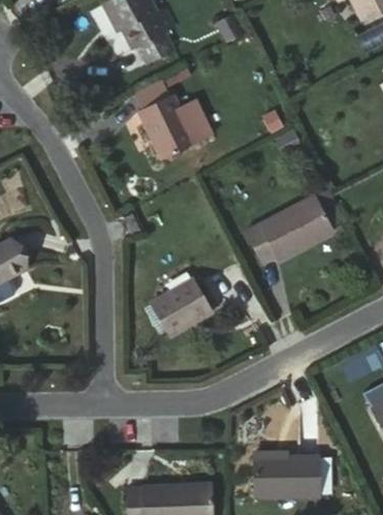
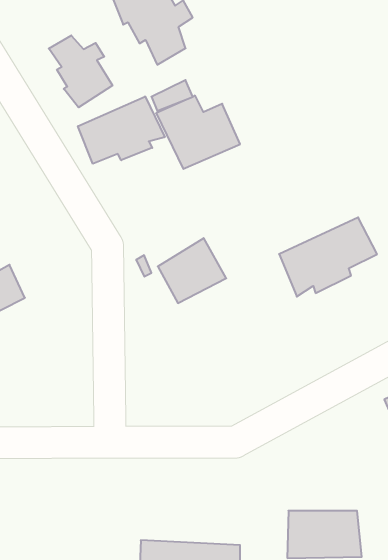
building: none -> [49,35,112,107]
building: none -> [78,96,165,164]
building: [152,281,212,338] -> [158,238,226,303]

